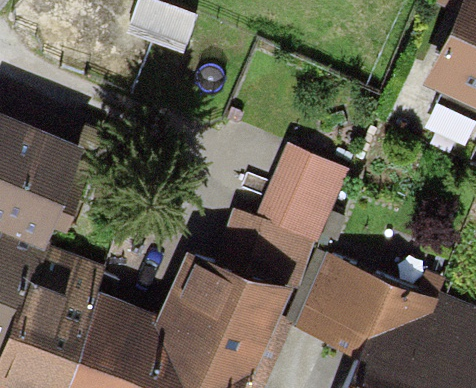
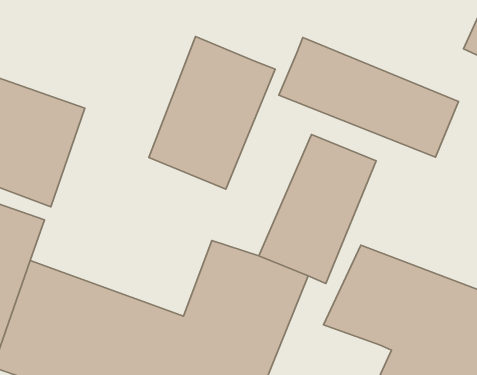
building: none -> [149,36,275,189]
building: none -> [279,37,459,157]

